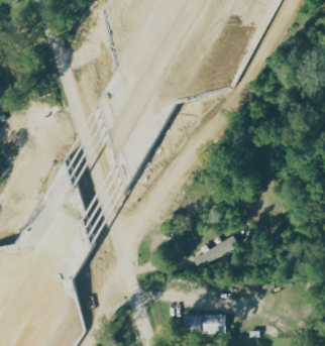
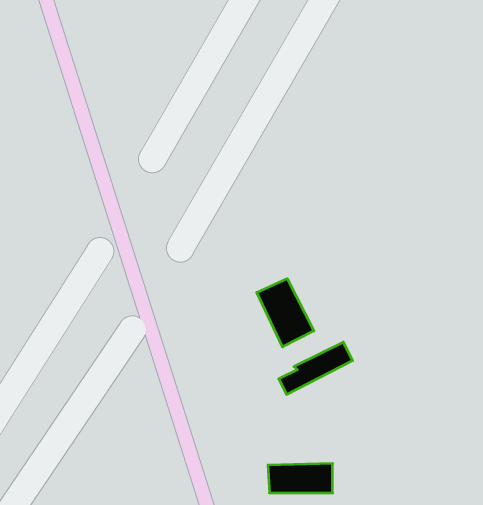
building: none -> [257,279,314,347]

